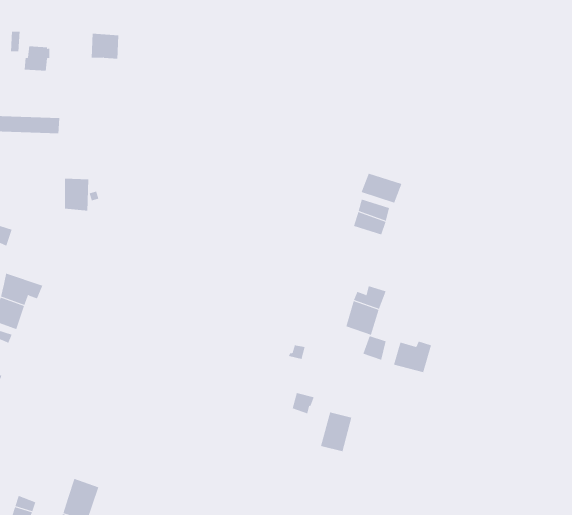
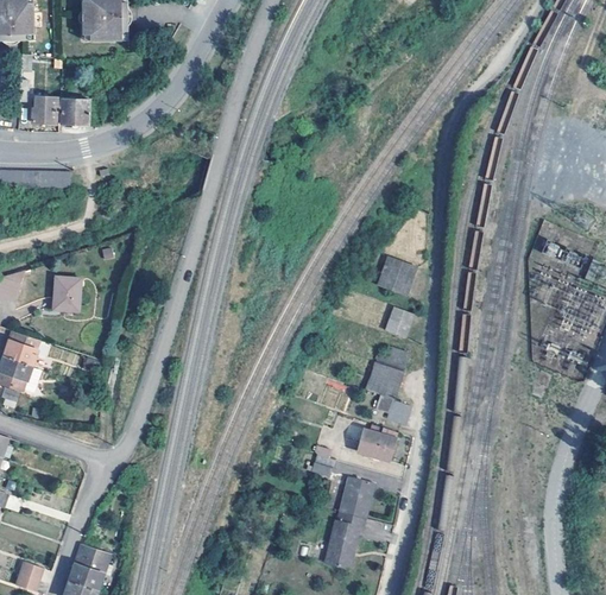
building: [91,33,119,59] -> [59,97,89,125]
building: [361,173,402,203] -> none
building: [64,178,89,211] -> [52,278,78,312]
building: none -> [383,304,411,335]
building: [393,341,432,373] -> [358,429,398,462]
building: none -> [324,513,364,569]

